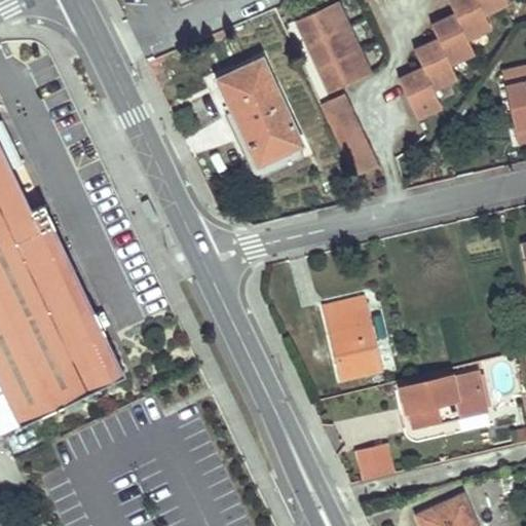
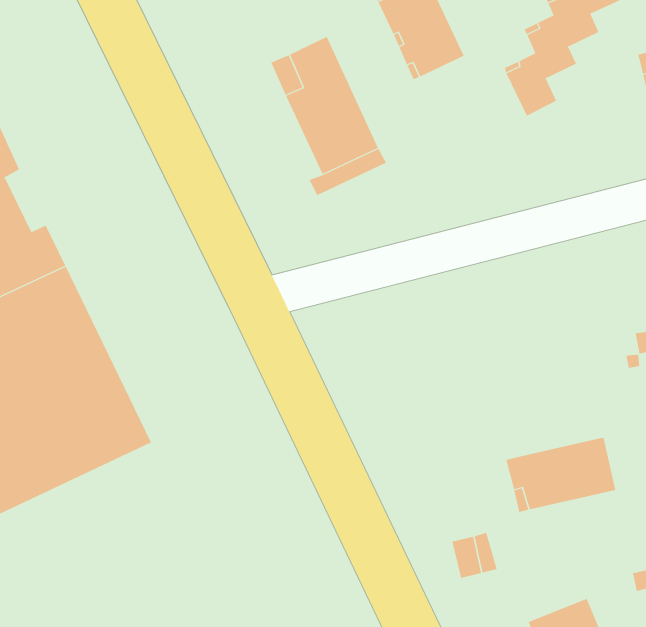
building: [320,92,378,176] -> none
building: [324,296,379,377] -> none

